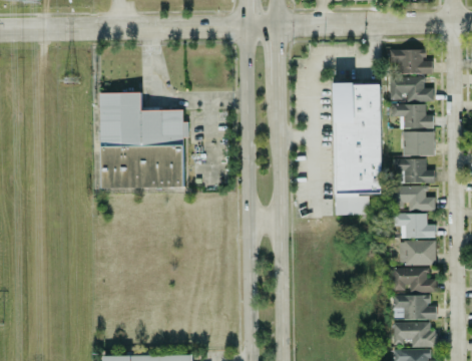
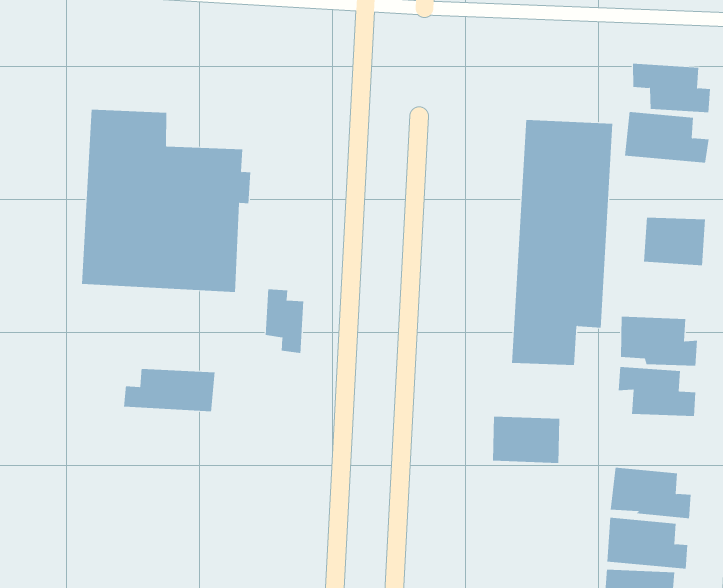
building: [391,103,433,128] -> none
building: [393,157,434,183] -> none
building: none -> [265,289,304,354]
building: none -> [124,368,215,412]
building: [399,240,436,265] -> [492,416,560,463]

